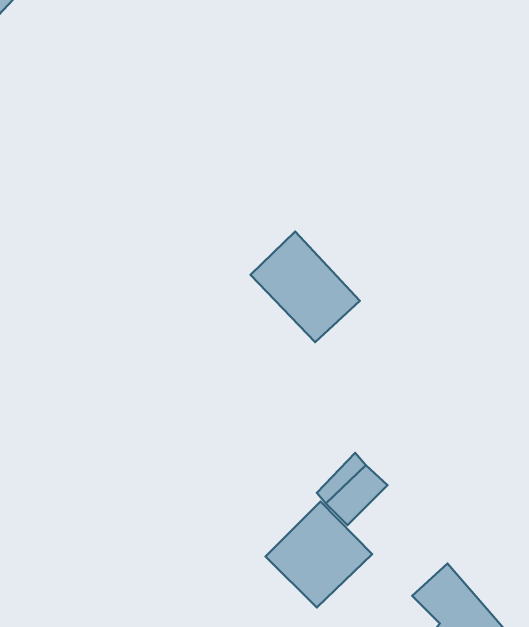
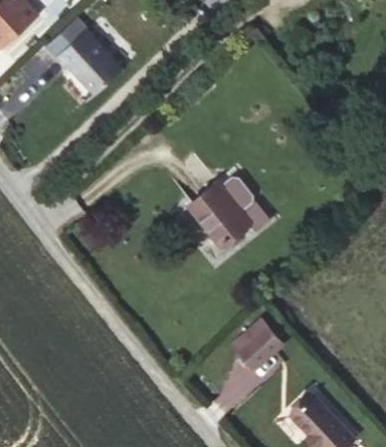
building: none -> [53,31,121,97]
building: [266,501,372,607] -> none

